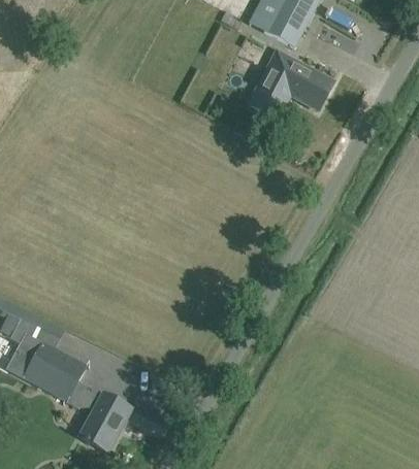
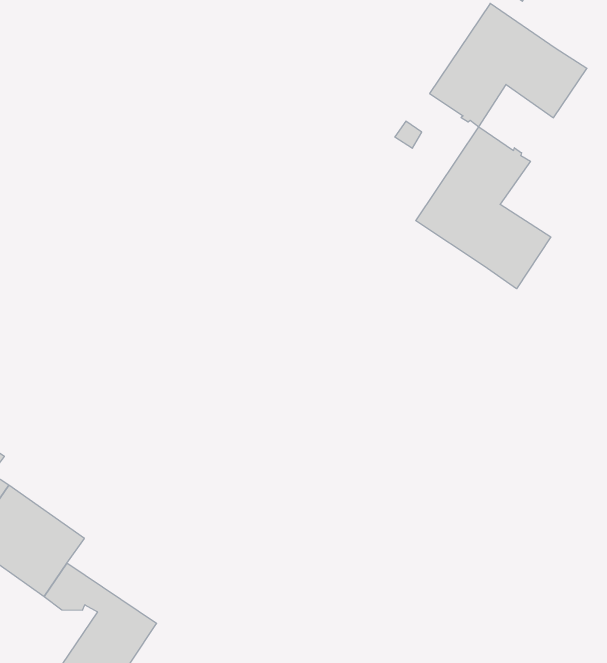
building: none -> [416,127,551,289]

